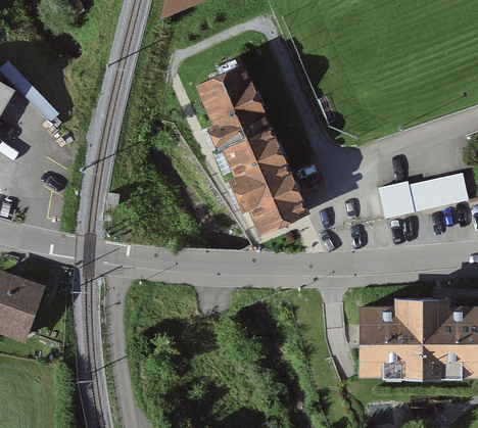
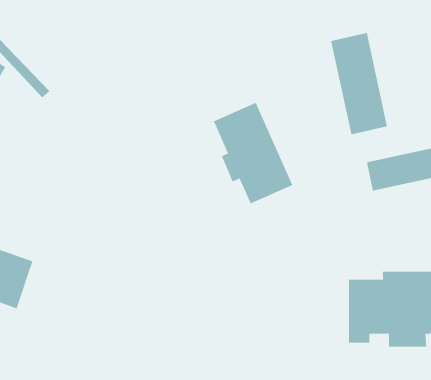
building: none -> [331,32,388,135]
building: [198,67,268,149] -> none

